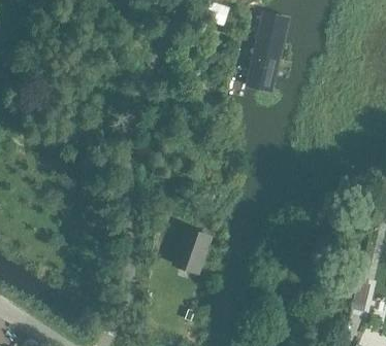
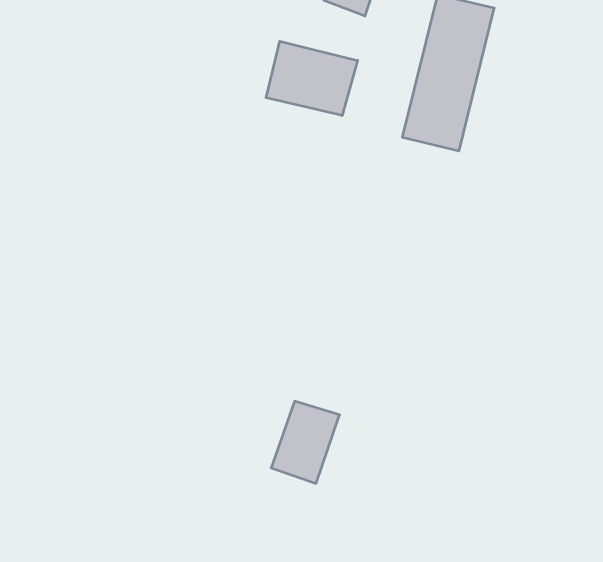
building: none -> [266,41,358,116]

